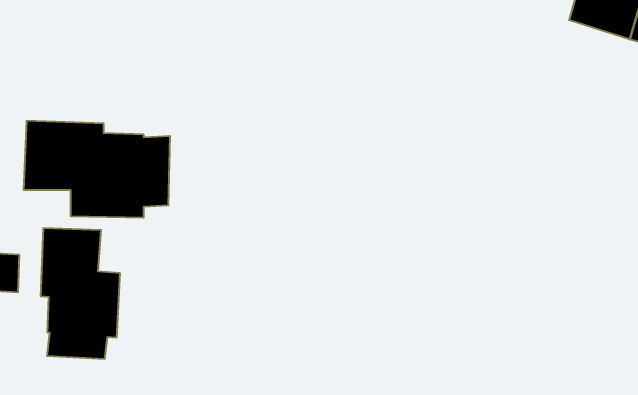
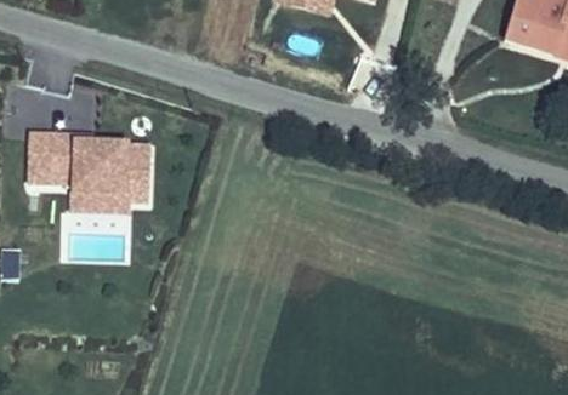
building: [41,228,120,359] -> none

